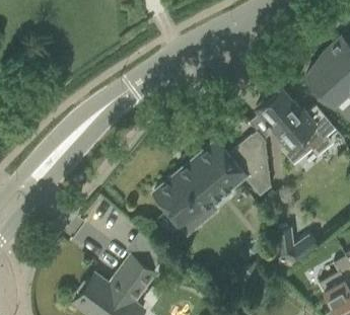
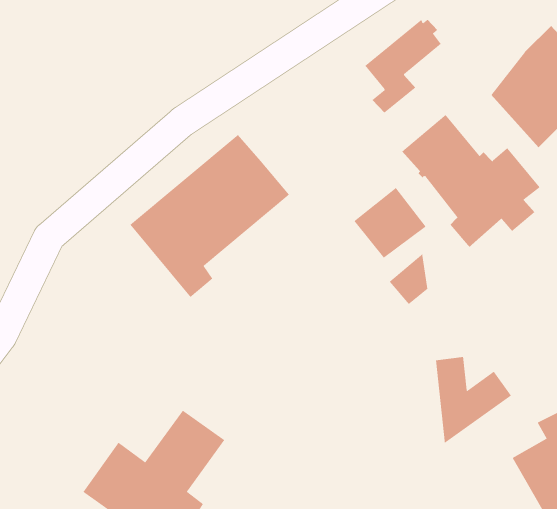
building: none -> [365,19,442,114]
building: [154,143,246,236] -> [130,134,290,298]

